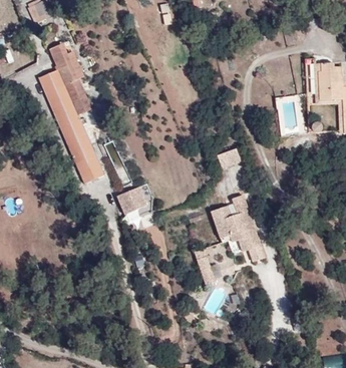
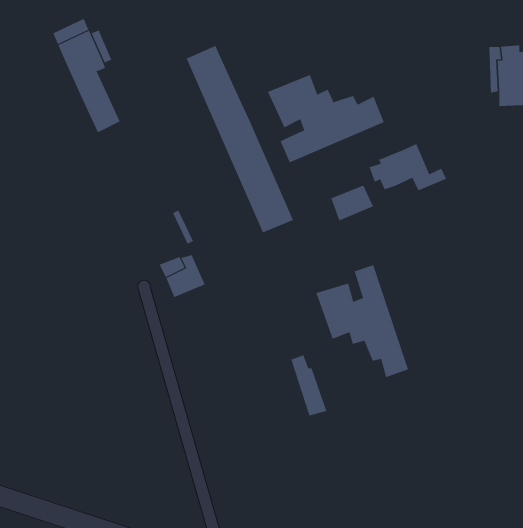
building: [38,69,103,182] -> [186,45,294,233]
building: none -> [267,74,385,163]
building: none -> [369,143,447,191]

